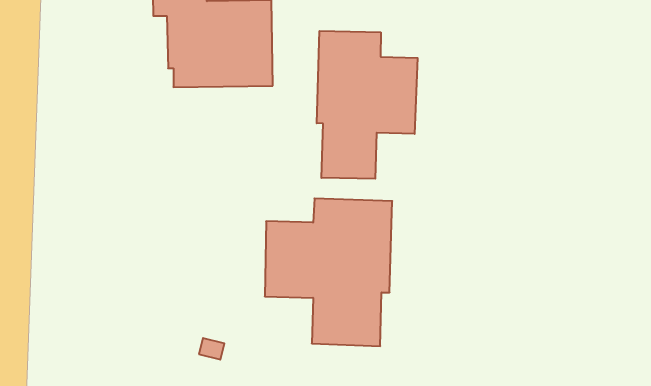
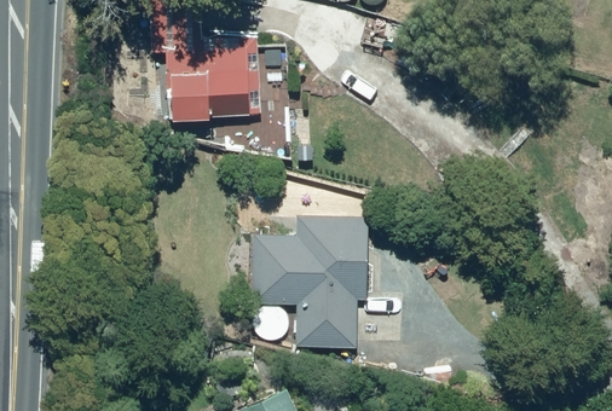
building: [317,31,418,179] -> none

